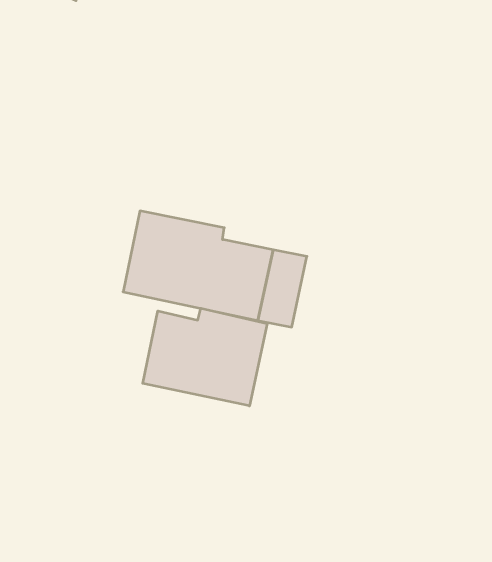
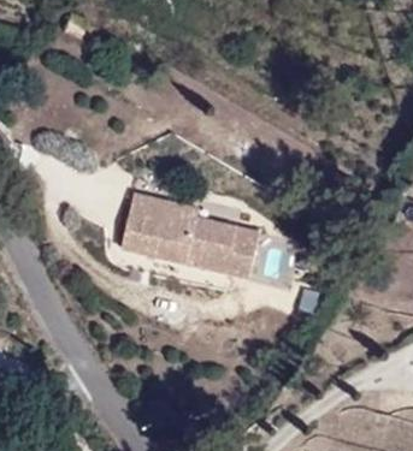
building: [143,308,267,406] -> none

